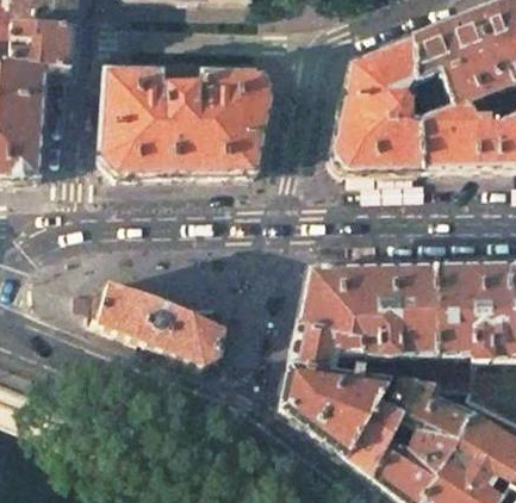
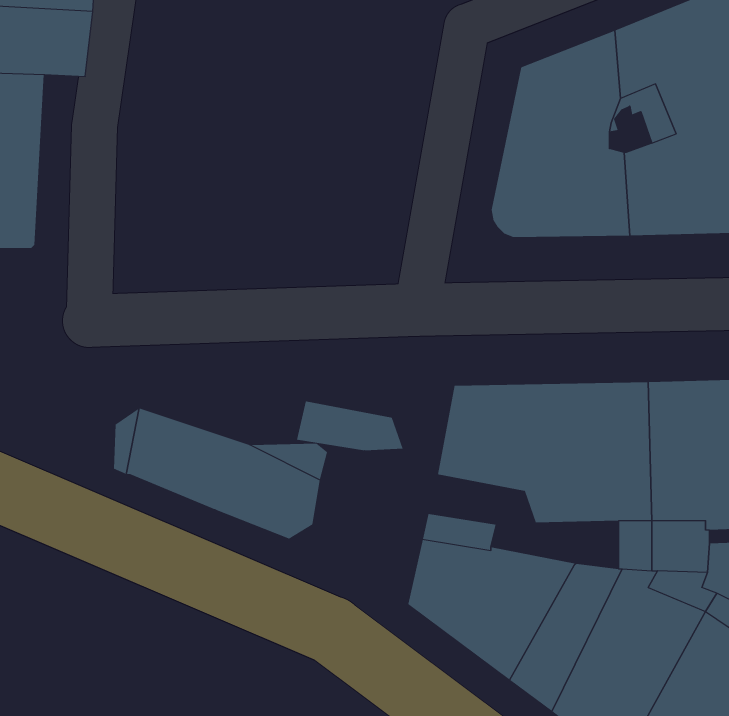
building: [99,66,272,174] -> none
building: [292,322,361,354] -> [296,401,403,451]

